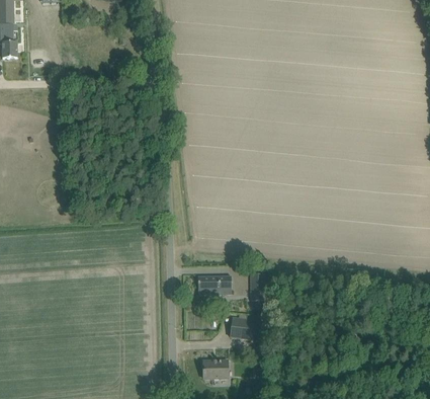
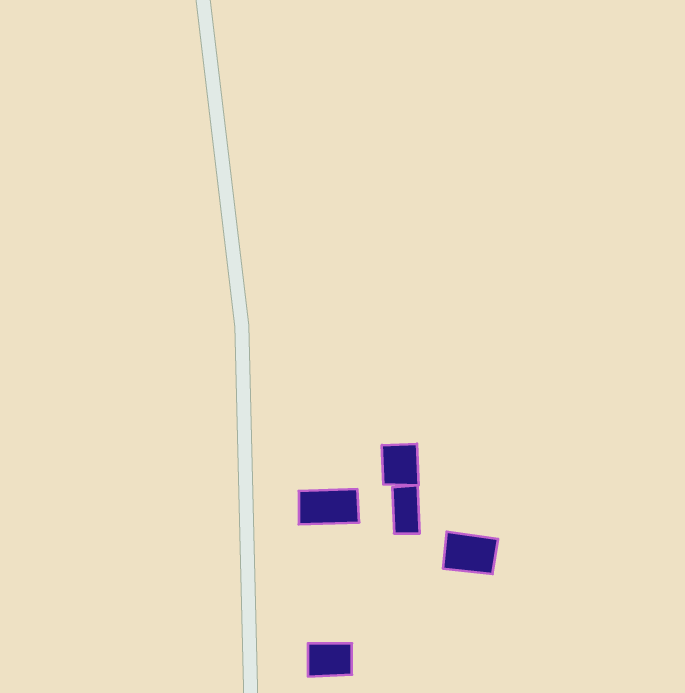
building: none -> [382,444,418,485]
building: [231,316,261,339] -> [443,532,498,574]

